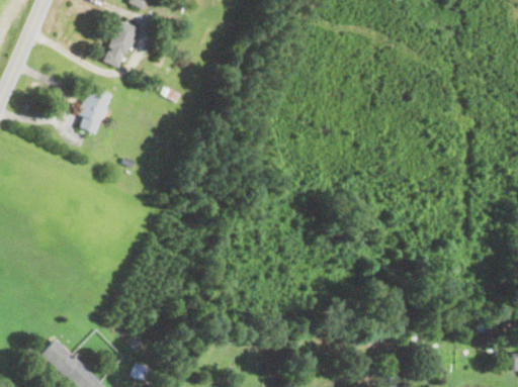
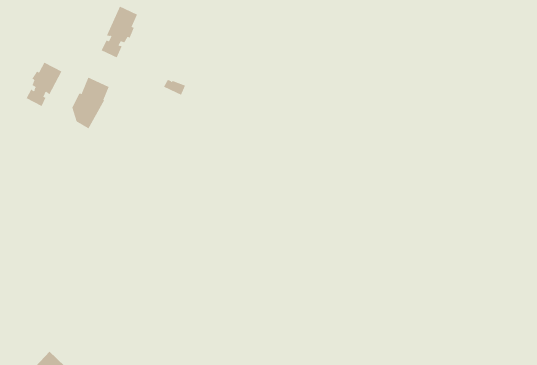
building: none -> [26,62,62,107]

